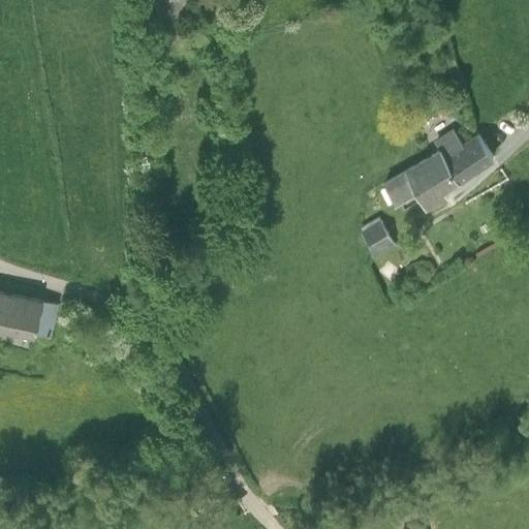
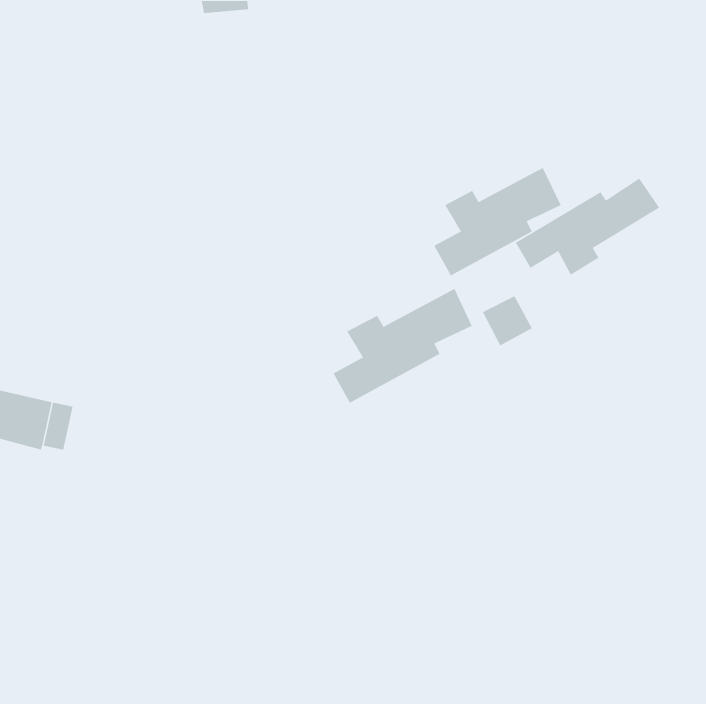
building: none -> [433,167,562,277]
building: none -> [332,288,473,404]

